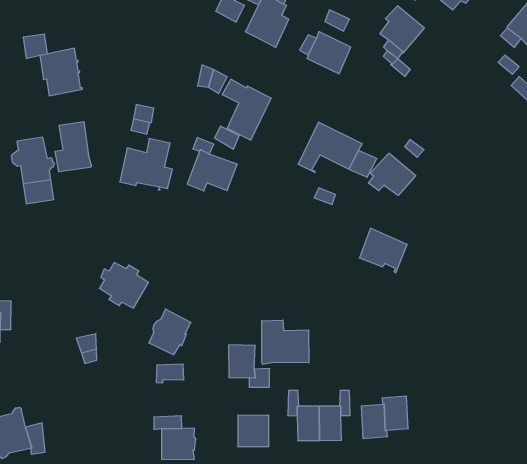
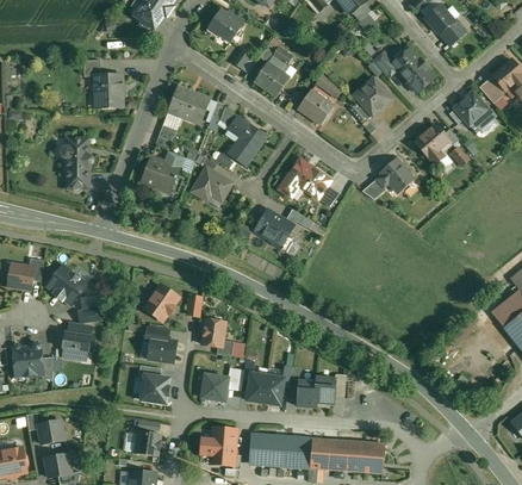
building: none -> [168,86,210,123]
building: none -> [414,128,452,166]
building: [55,122,91,172] -> none
building: [368,153,416,195] -> [377,158,414,192]
building: [359,228,407,273] -> [255,209,293,245]
building: [99,263,148,308] -> [48,266,86,303]
building: [262,320,309,364] -> none
building: none -> [62,322,91,360]
building: none -> [148,337,175,361]

